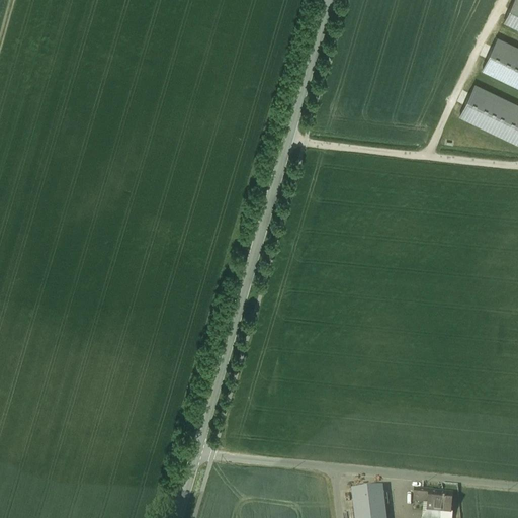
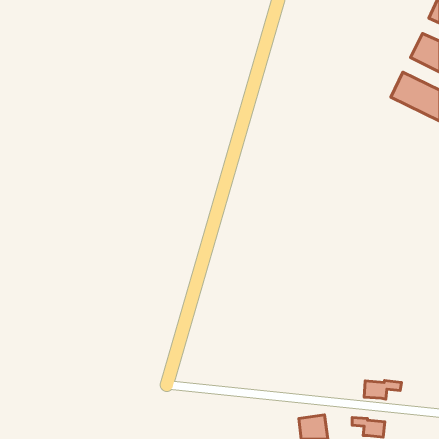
building: none -> [364,381,402,399]

